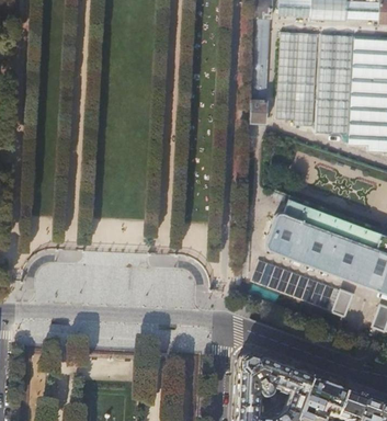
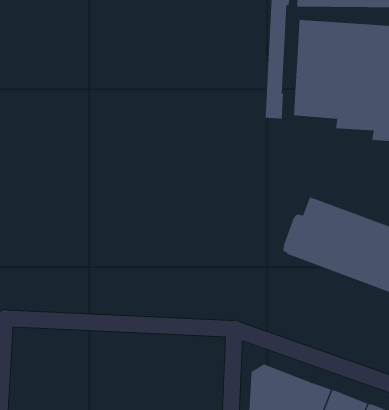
building: [251,263,354,314] -> none

